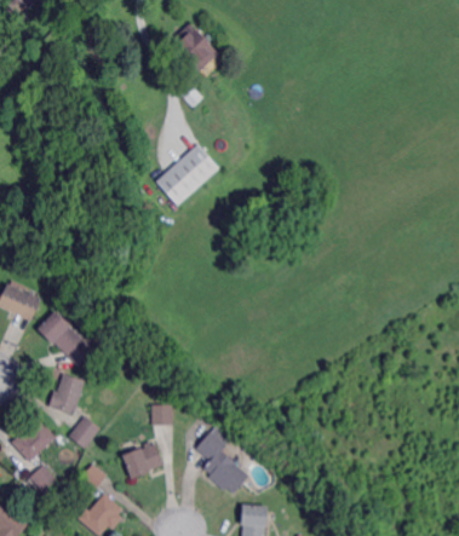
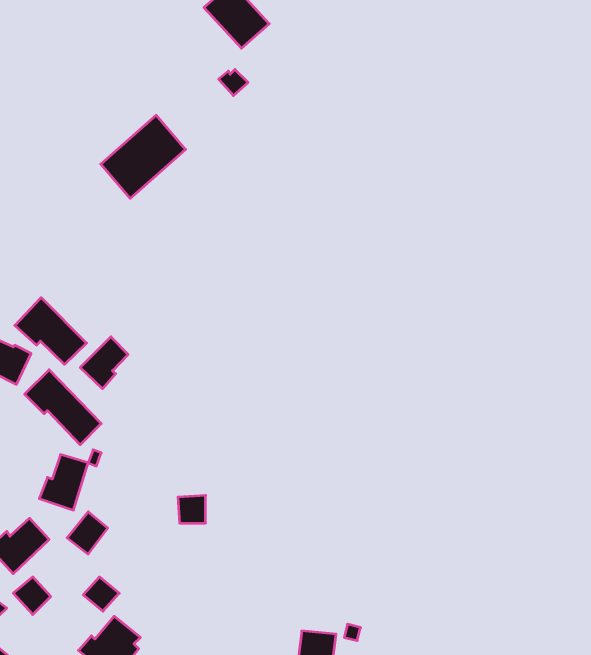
building: [155,145,218,207] -> [101,115,186,198]
building: none -> [15,298,87,364]
building: none -> [80,337,128,389]
building: [195,431,247,492] -> none
building: [121,443,161,480] -> none

